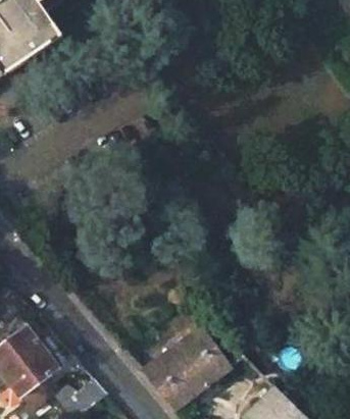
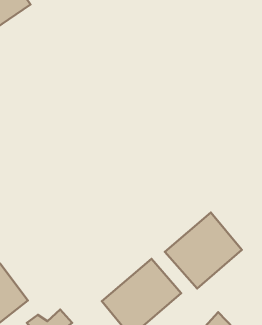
building: none -> [165,213,242,288]

